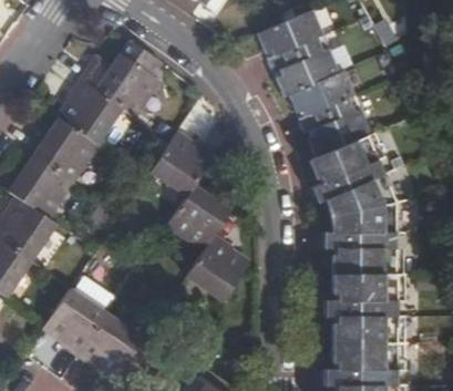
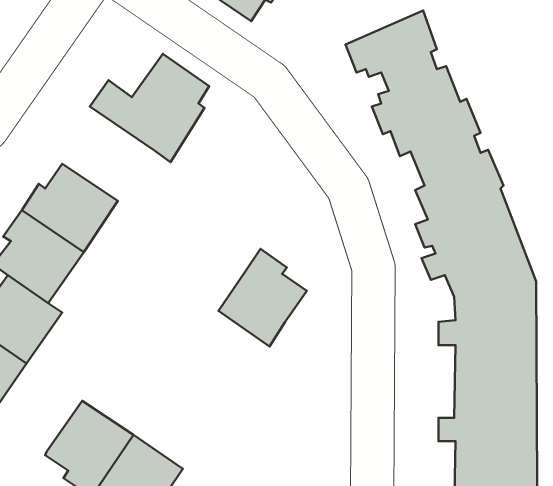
building: [55,78,121,145] -> none
building: [150,132,216,196] -> none
building: [185,231,247,300] -> none

